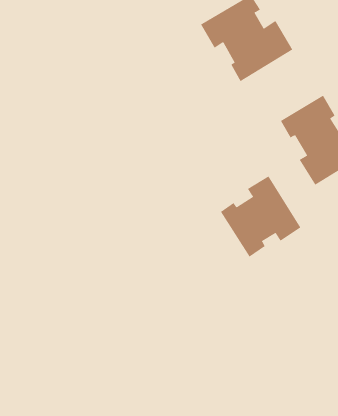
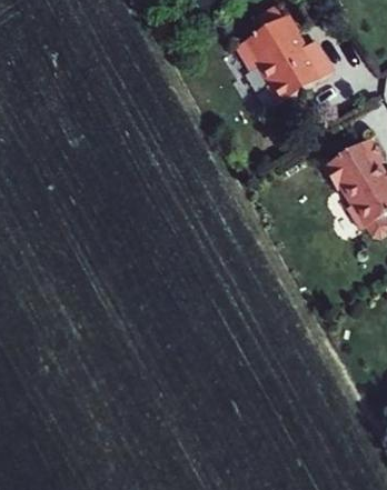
building: [220,175,301,257] -> none

